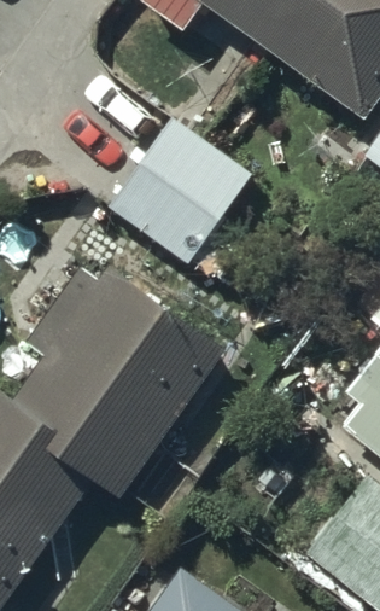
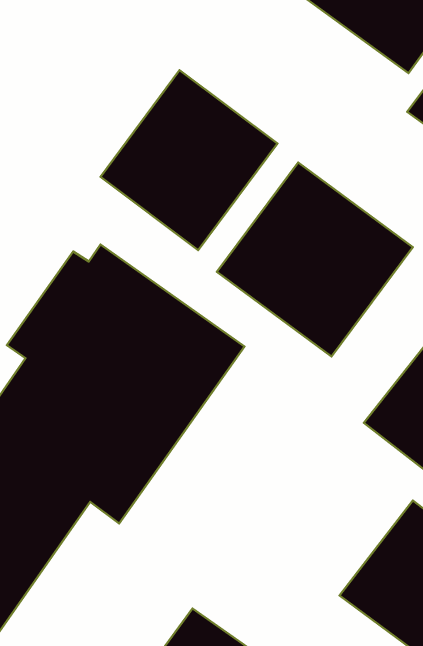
building: none -> [217,163,413,356]

